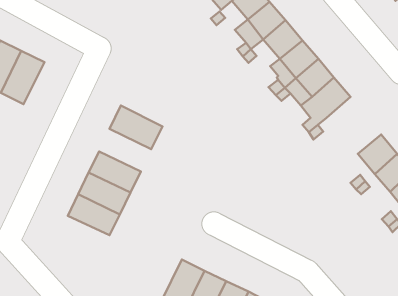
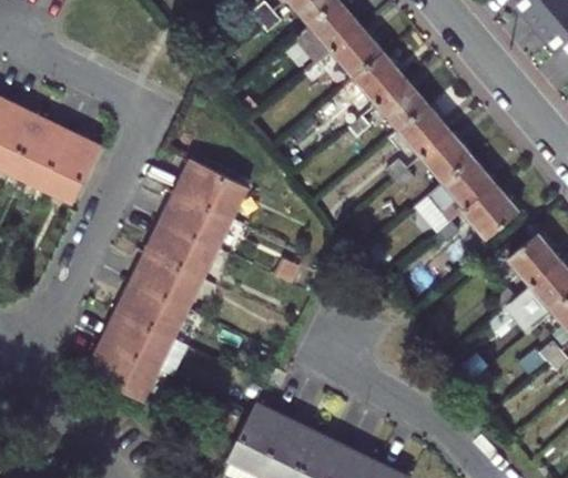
building: none -> [41,132,100,204]
building: none -> [175,162,247,221]
building: none -> [459,180,517,237]
building: none -> [145,224,217,283]
building: none -> [88,344,160,401]

